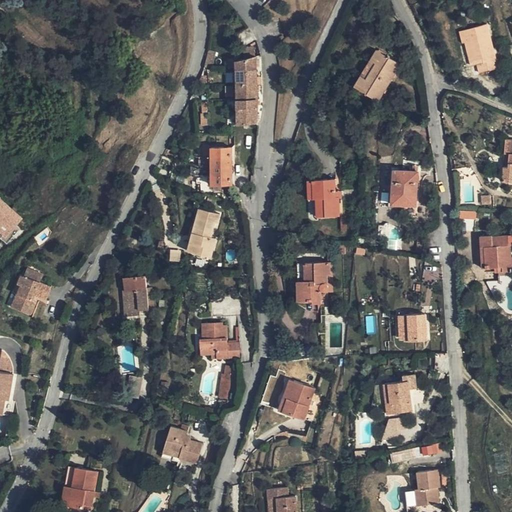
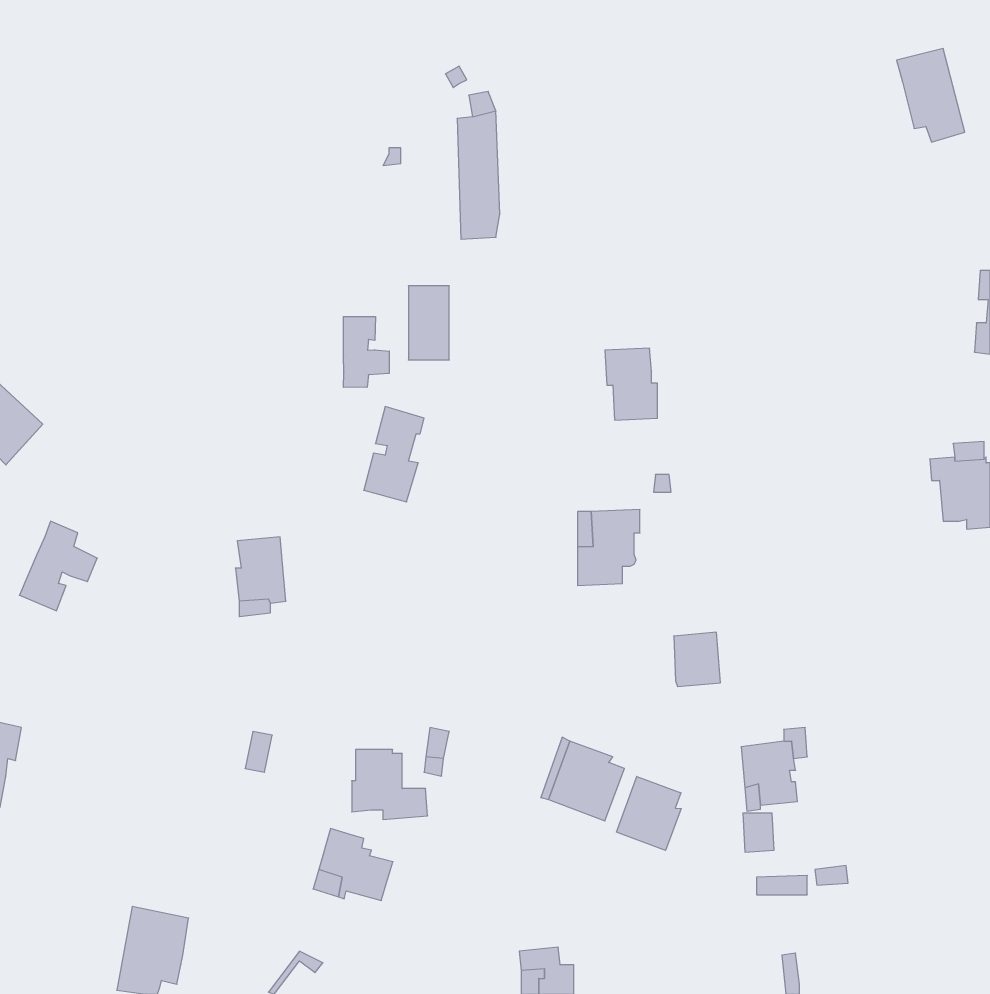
building: [354,50,399,101] -> none
building: none -> [343,317,389,387]
building: [387,170,417,219] -> none
building: [402,313,426,341] -> [674,632,720,687]
building: [200,323,239,359] -> [352,750,428,820]
building: none -> [617,776,681,850]
building: [414,469,439,506] -> none

